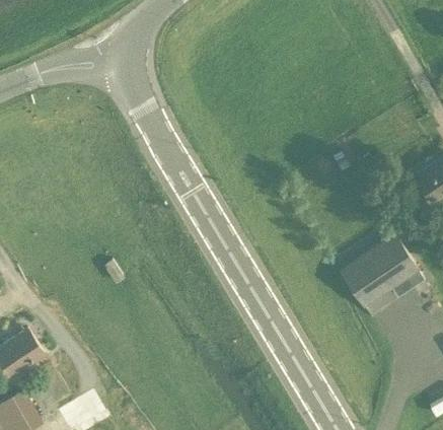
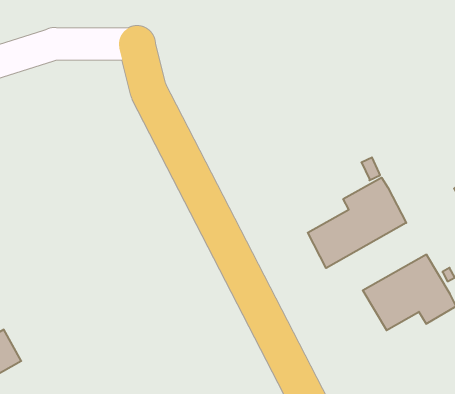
building: none -> [308,178,406,268]

